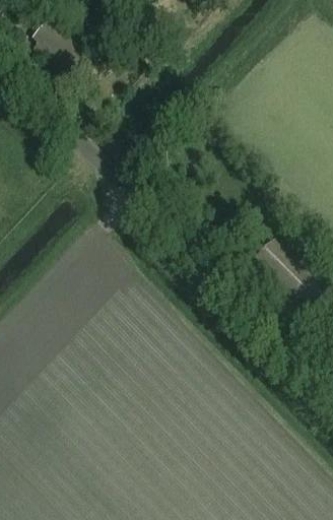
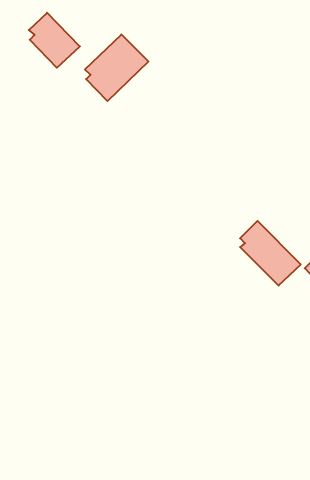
building: none -> [85,34,148,101]

